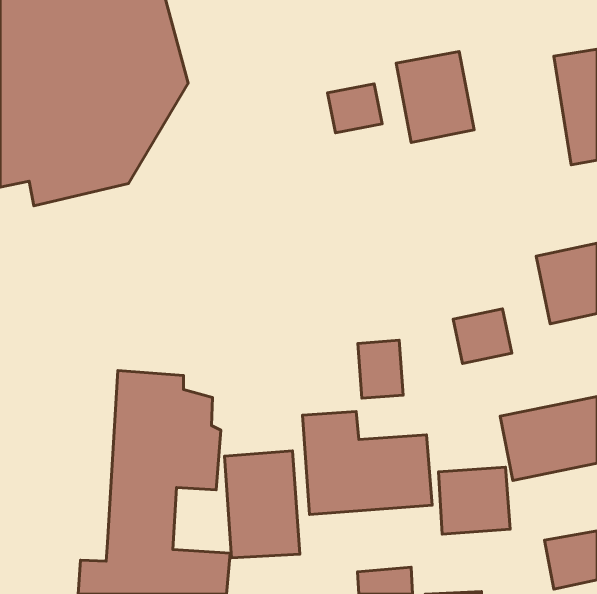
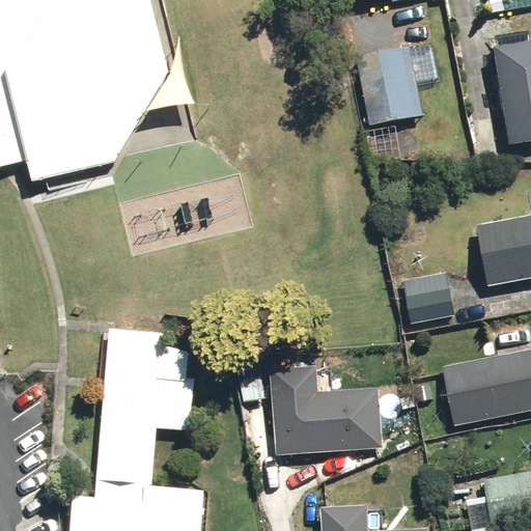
building: [328,84,382,133] -> none
building: [358,340,403,398] -> none
building: [225,451,300,558] -> none
building: [438,467,510,534] -> none

